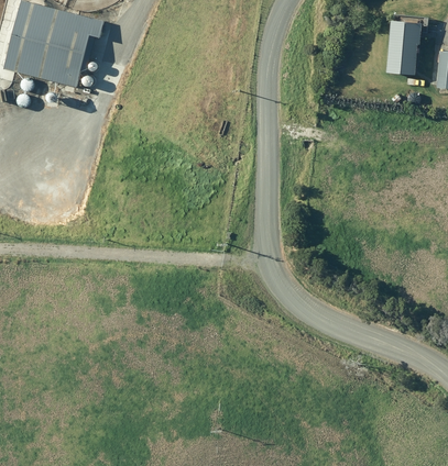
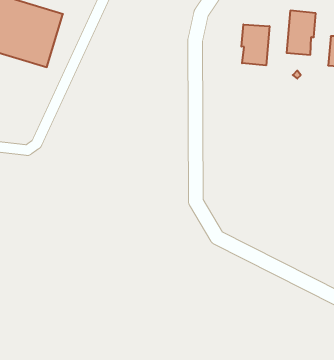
building: none -> [241,24,269,65]

